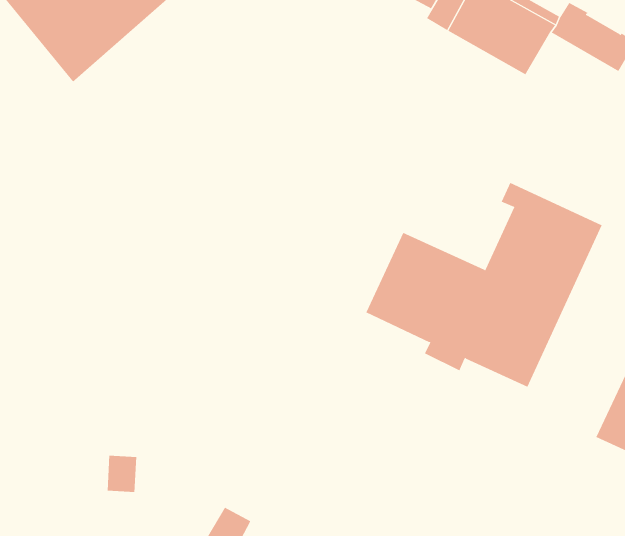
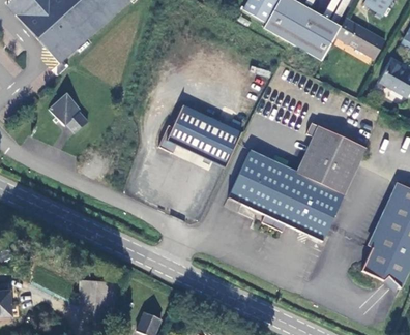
building: none -> [47,95,86,134]
building: none -> [158,104,242,166]
building: none -> [93,281,110,311]

